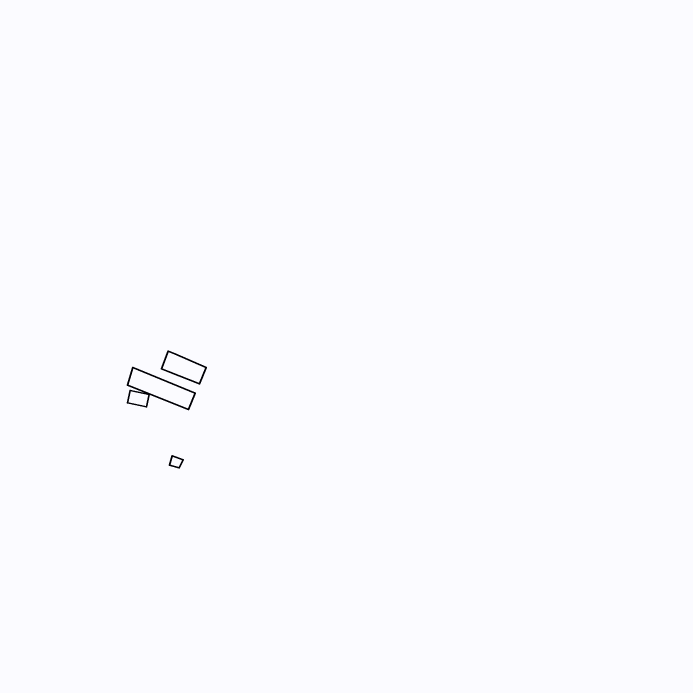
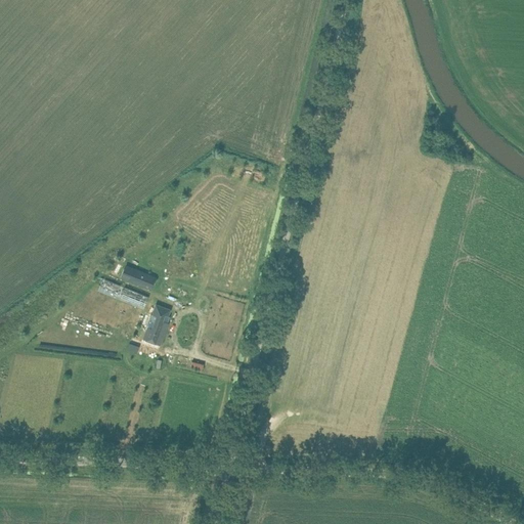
building: none -> [143,306,170,345]

